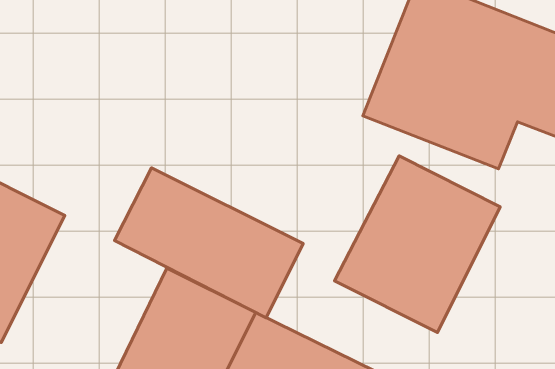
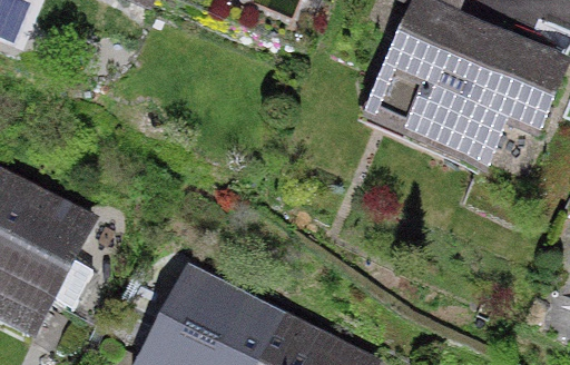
building: [335,156,500,332] -> none
building: [114,168,303,318] -> none

